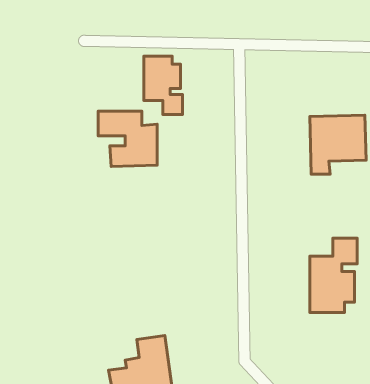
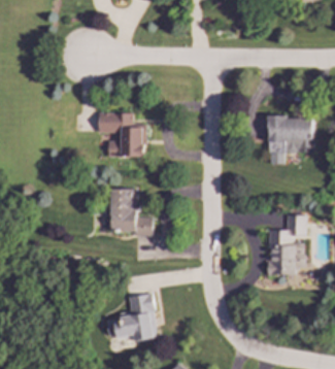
building: [144,56,183,115] -> none
building: none -> [104,188,152,235]

